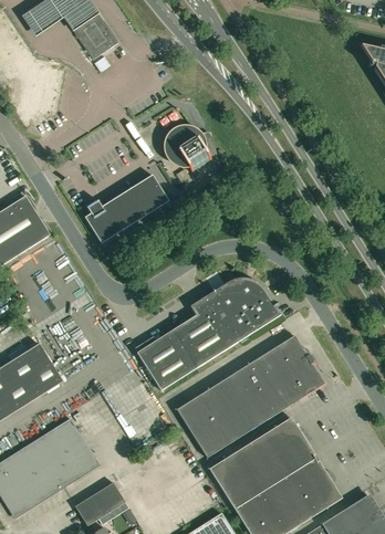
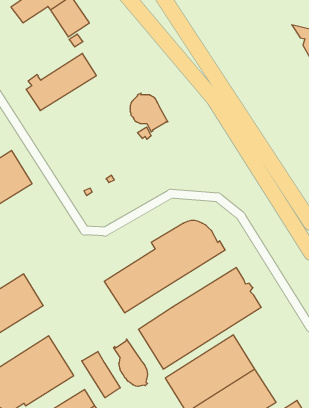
building: [84,174,168,242] -> [26,53,96,111]
building: none -> [114,339,148,386]
building: none -> [82,351,120,398]

